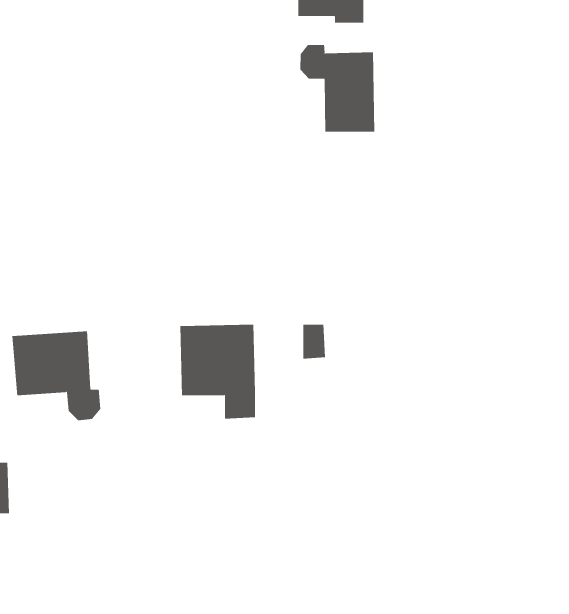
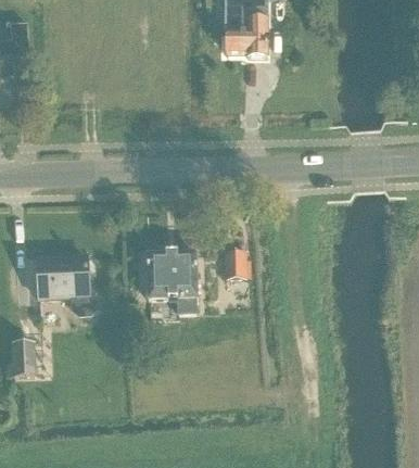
building: [300,44,375,133] -> none

